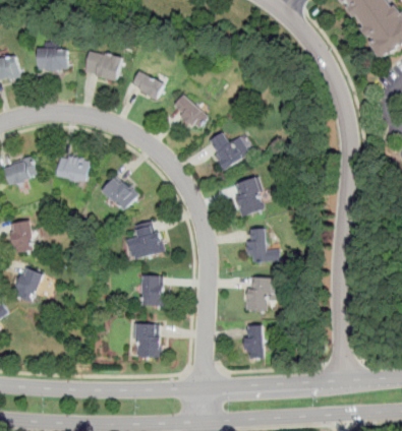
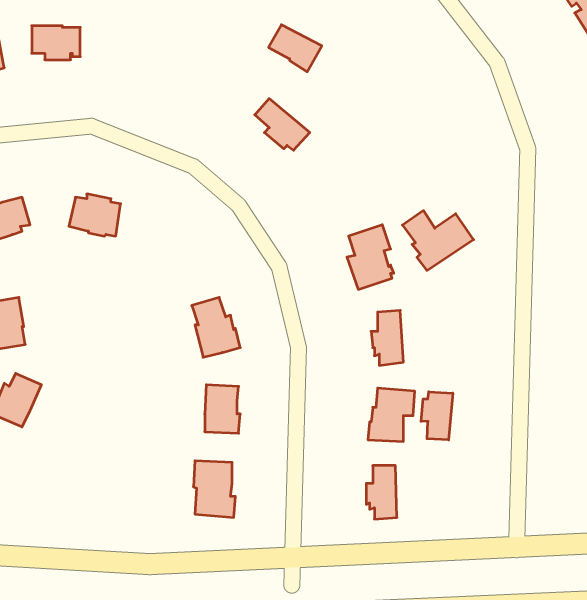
building: [81,52,118,80] -> none
building: [128,71,162,101] -> [269,25,322,72]
building: [210,132,254,170] -> [402,211,474,270]
building: [102,178,139,210] -> none
building: none -> [421,392,453,440]

